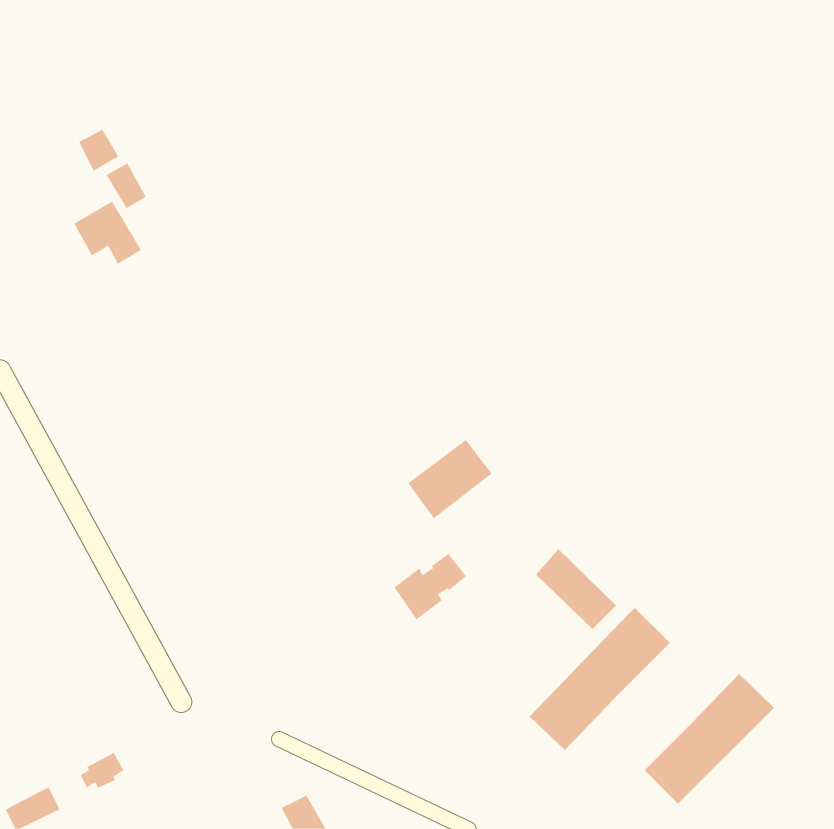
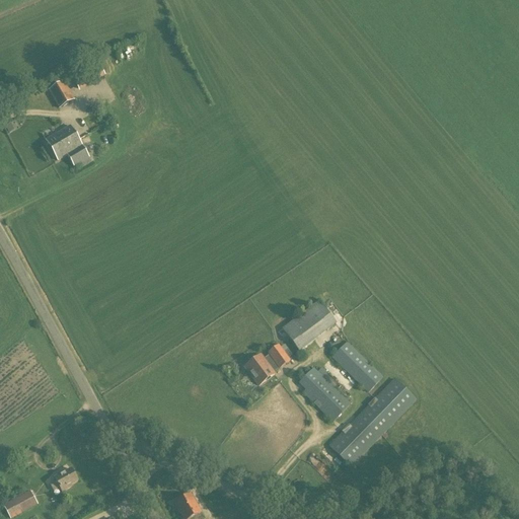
building: [106,162,146,209] -> none
building: [408,439,492,519] -> [283,300,336,350]
building: none -> [298,366,351,421]
building: [644,673,775,805] -> none

